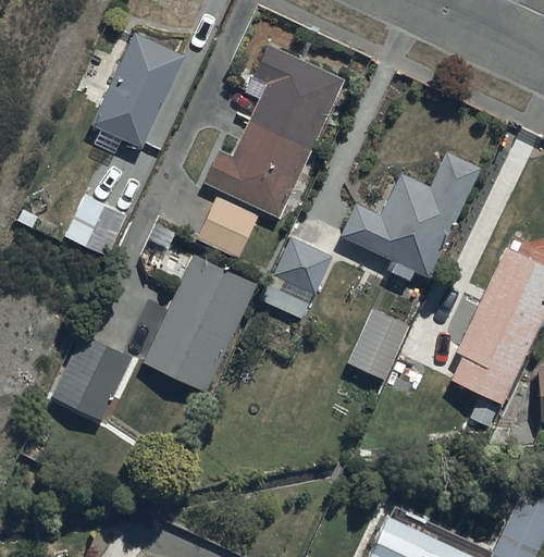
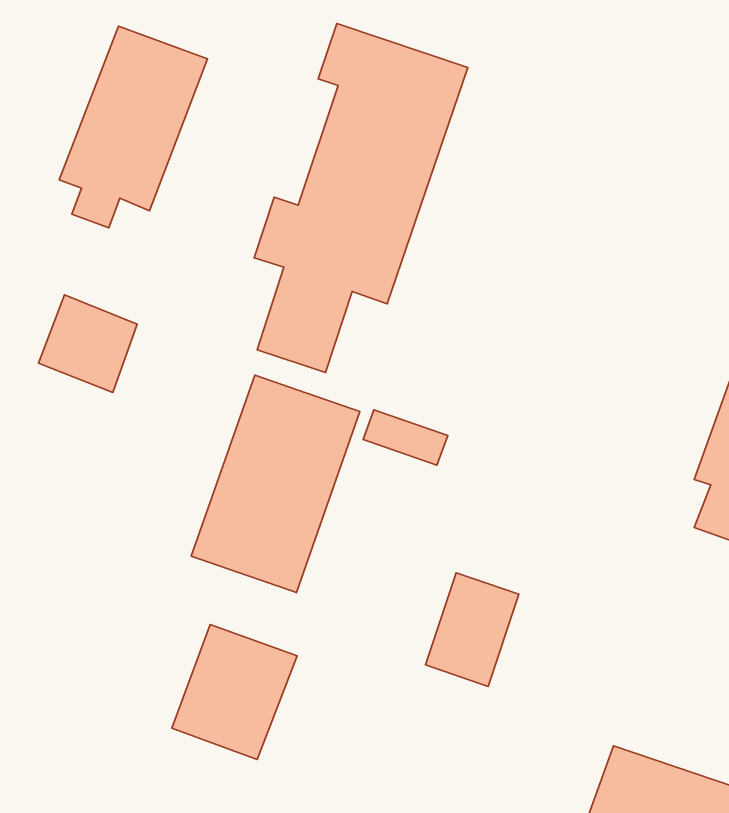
building: [341,154,480,280] -> none
building: [275,240,332,294] -> none
building: [348,309,410,381] -> [425,573,519,686]
building: [51,334,133,420] -> [172,625,297,760]

